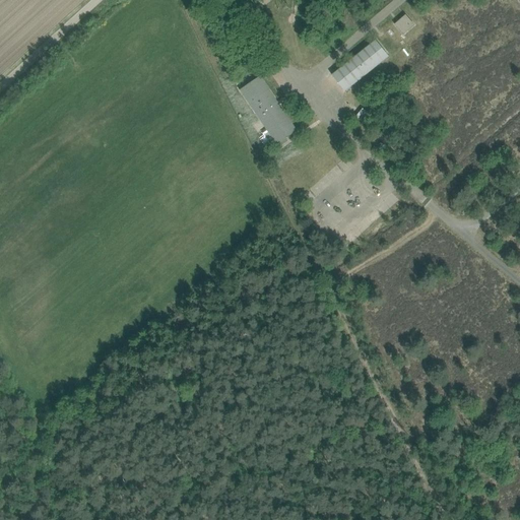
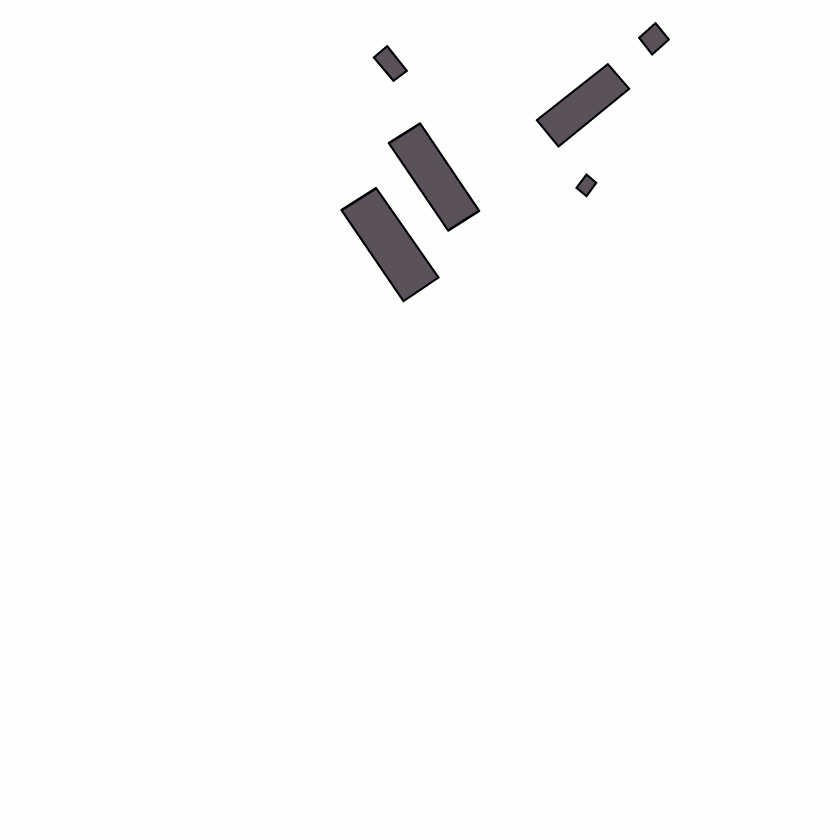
building: none -> [342,188,439,301]

